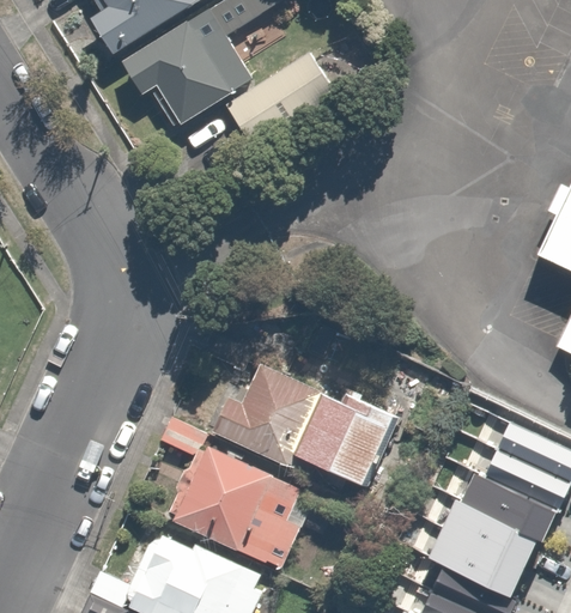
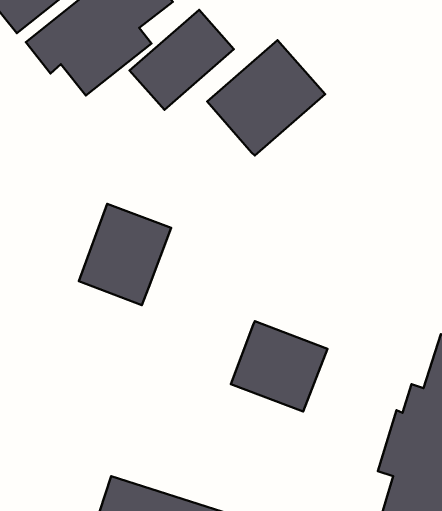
building: none -> [207,40,325,156]
building: [217,353,320,463] -> [79,204,171,305]
building: [159,415,317,571] -> none

